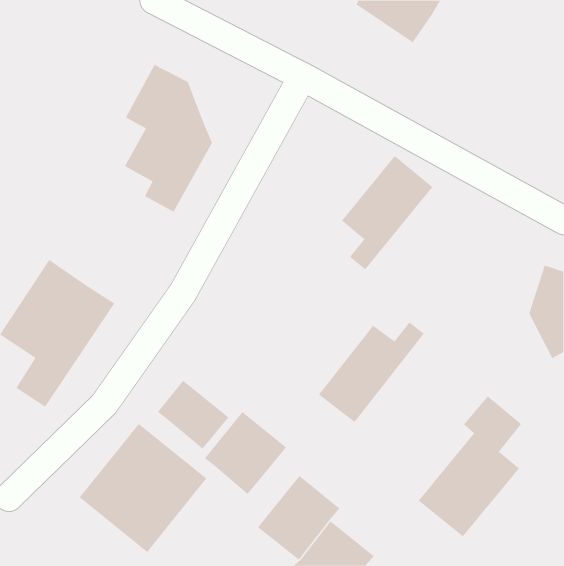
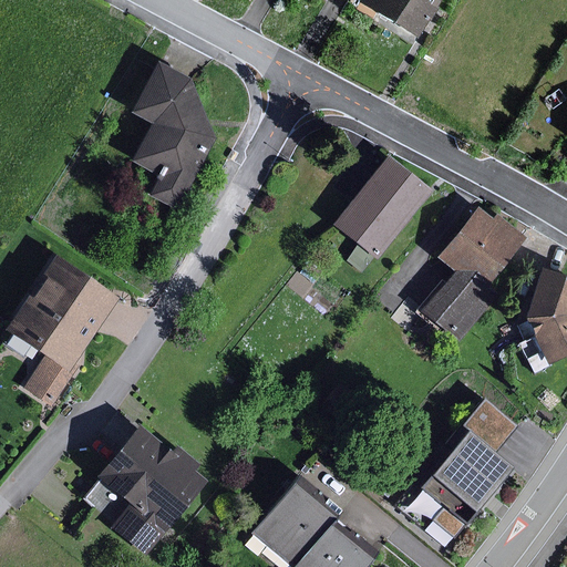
building: none -> [417,209,524,342]
building: [318,322,424,423] -> none
building: [157,380,229,449] -> none
building: [204,411,287,495] -> none

